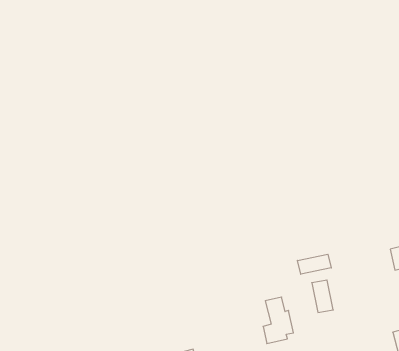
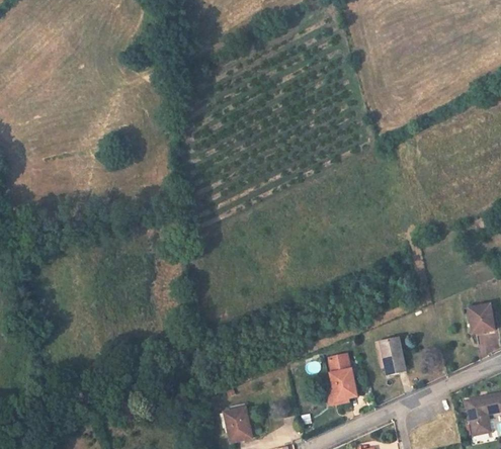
building: [297,254,331,274] -> none

